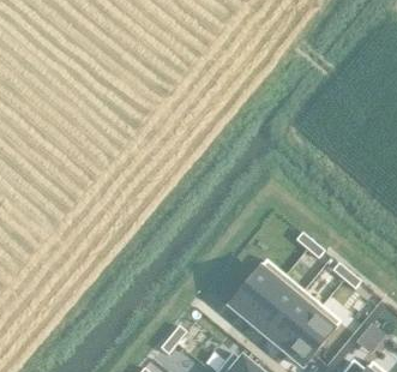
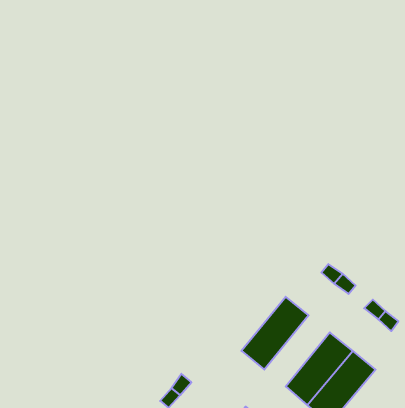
building: [247,275,302,335] -> none

